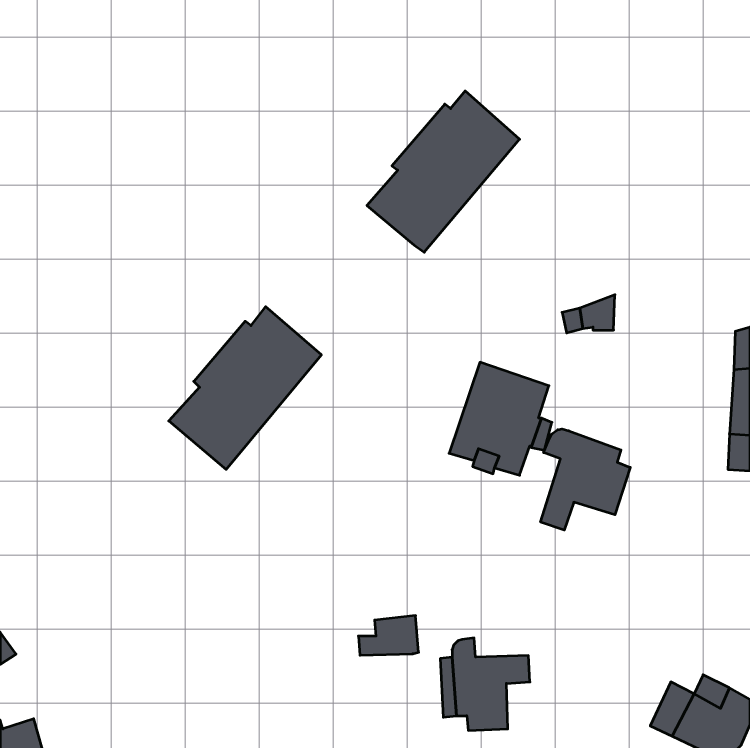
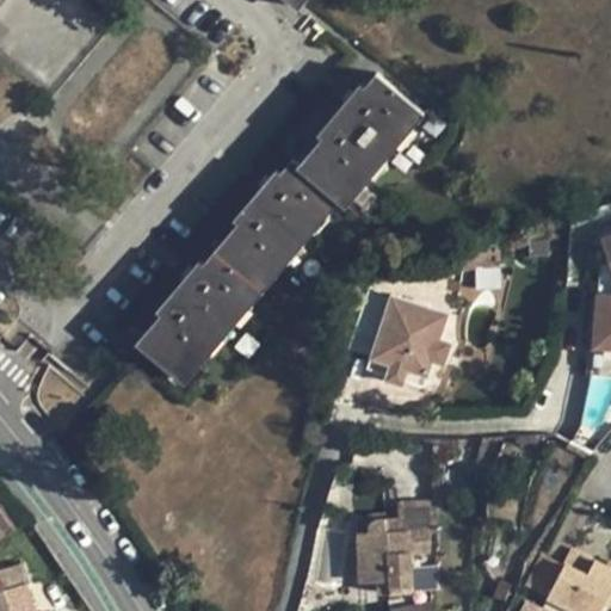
building: none -> [216,162,337,290]
building: [541,429,630,530] -> none
building: [358,616,419,655] -> [385,504,434,536]

